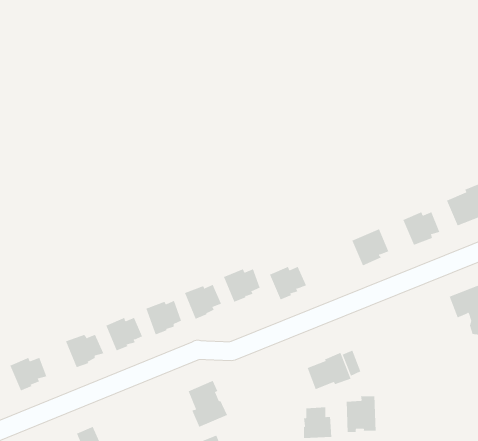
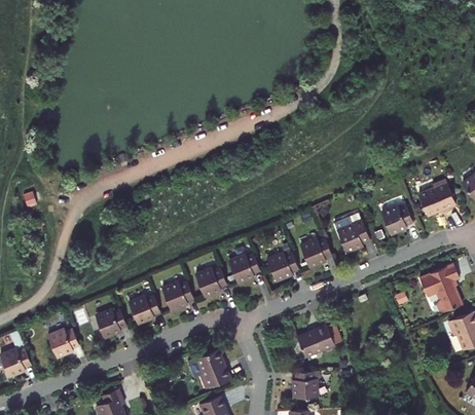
building: none -> [299,238,331,267]
building: [346,395,376,433] -> none

